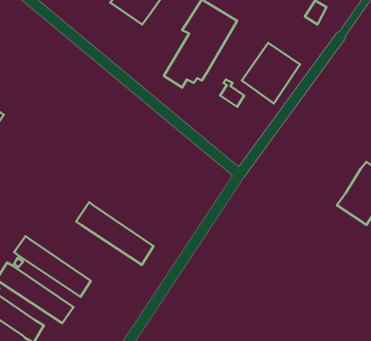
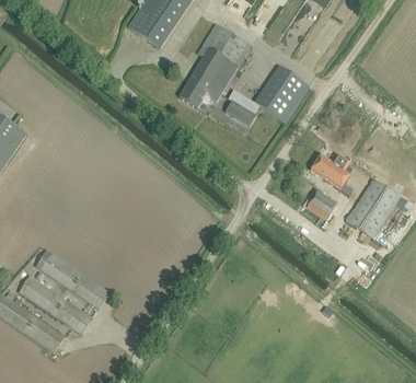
building: none -> [310,154,351,196]
building: none -> [302,188,336,220]
building: [76,202,154,265] -> none

